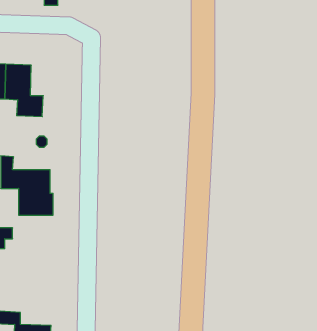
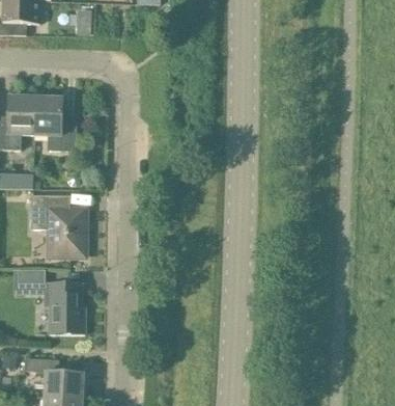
building: none -> [49,280,84,333]

